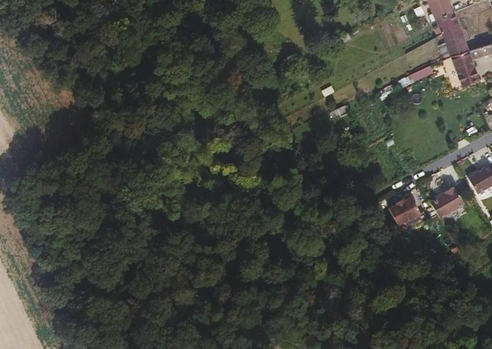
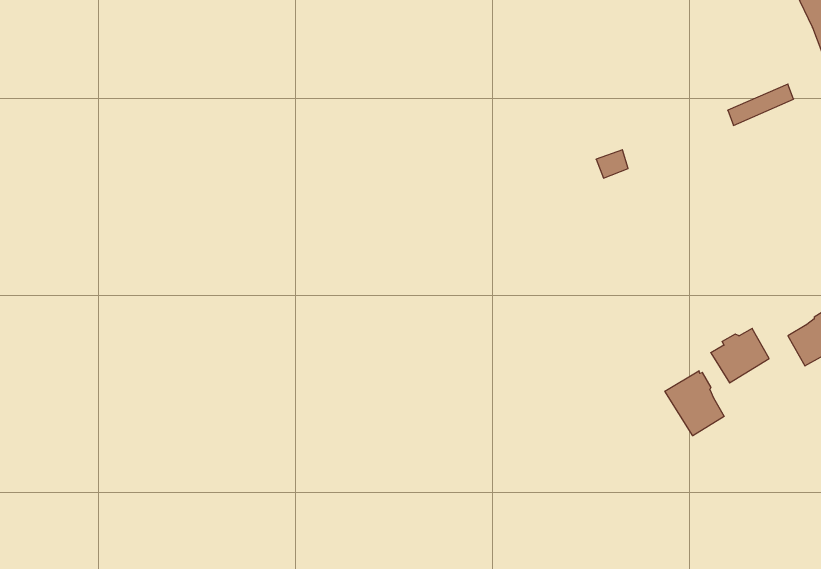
building: none -> [665,371,724,436]

